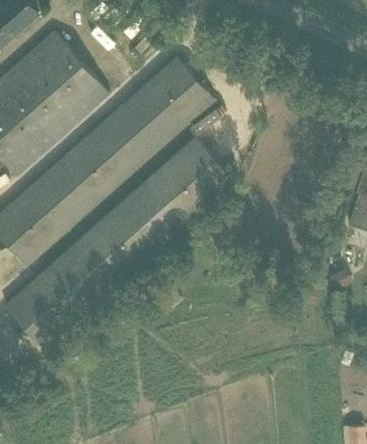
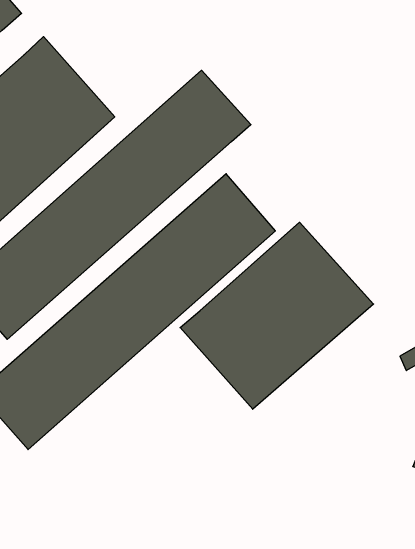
building: none -> [180,222,374,409]

